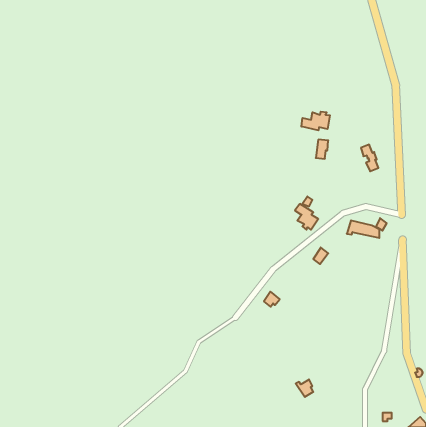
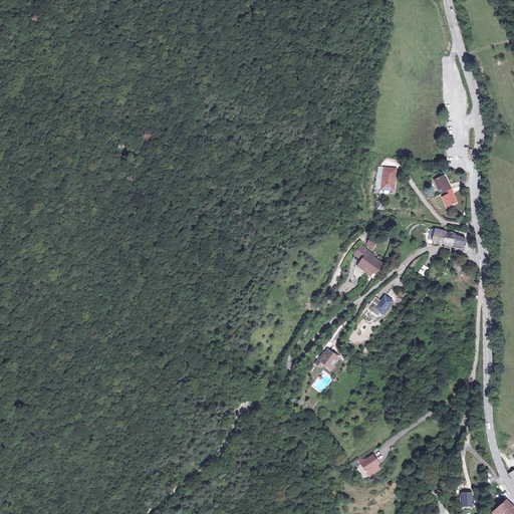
building: [301,112,330,130] -> none
building: [347,220,379,238] -> [427,227,466,248]

